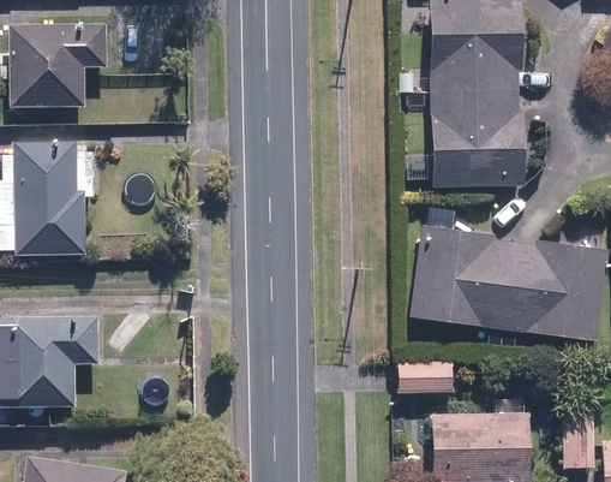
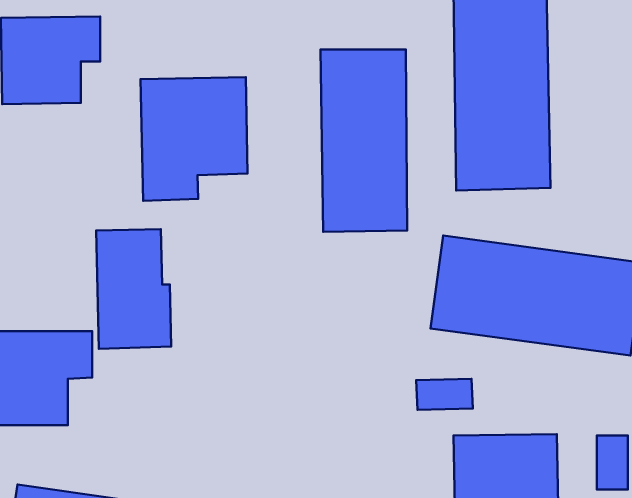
building: none -> [321,49,407,232]
building: none -> [141,77,248,201]
building: [16,142,85,254] -> [96,229,171,349]

